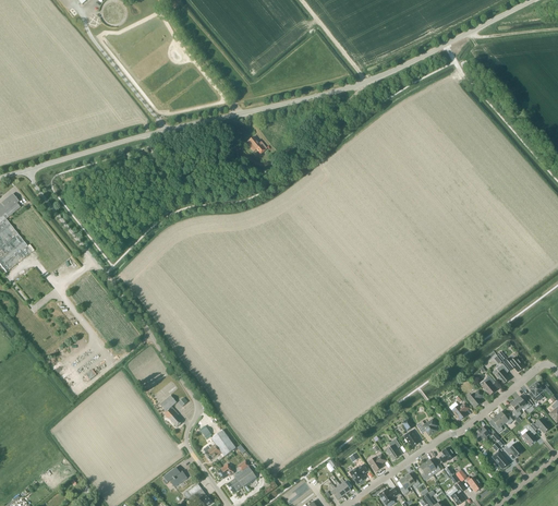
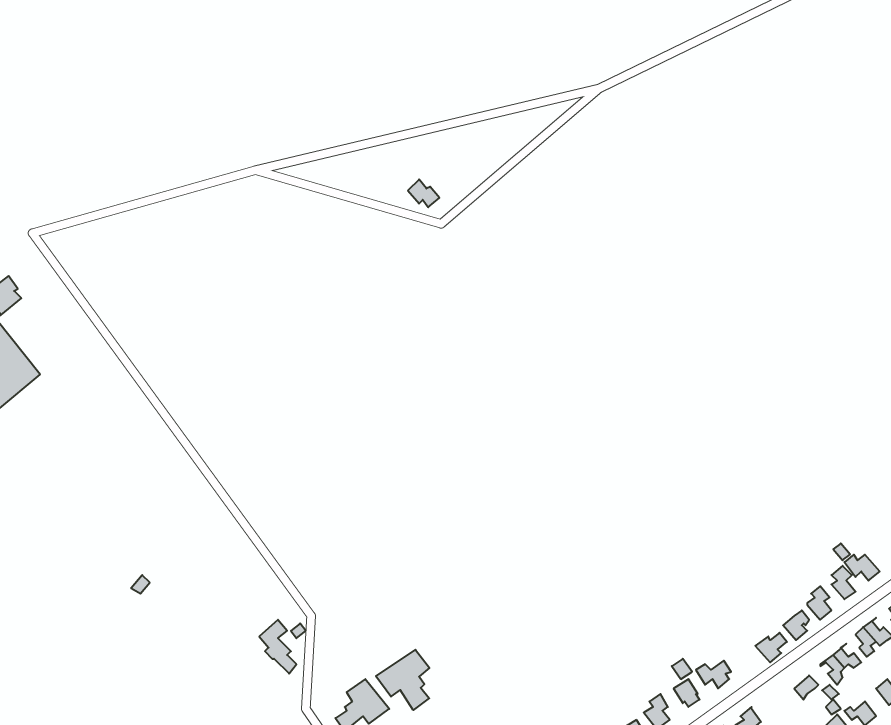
building: none -> [376,650,429,710]

